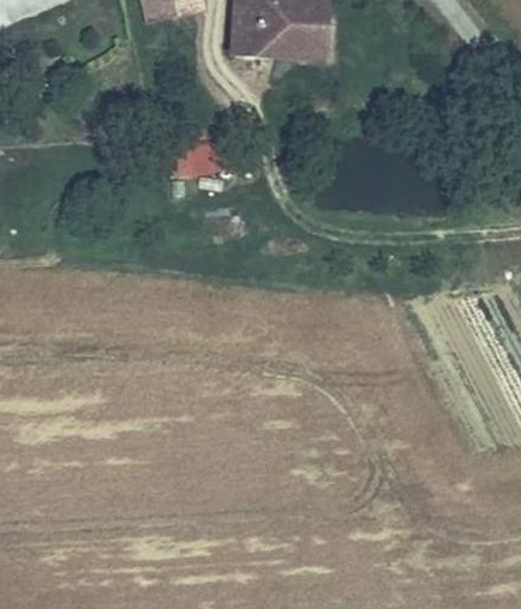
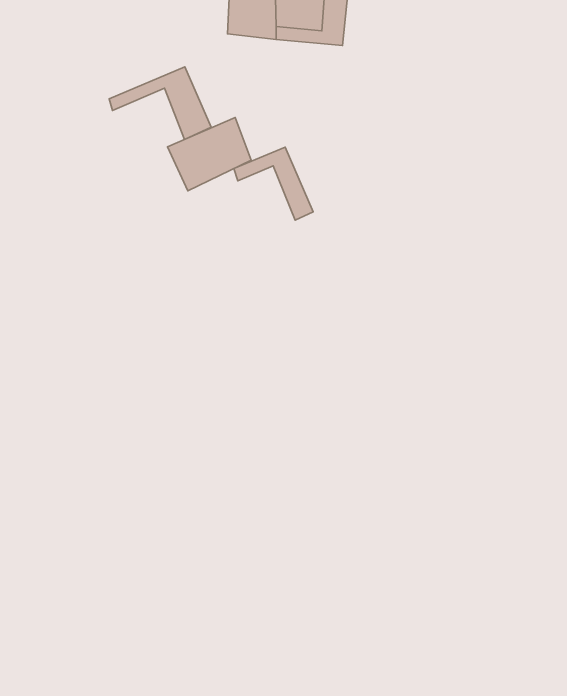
building: none -> [109,67,211,139]
building: none -> [234,147,313,220]

